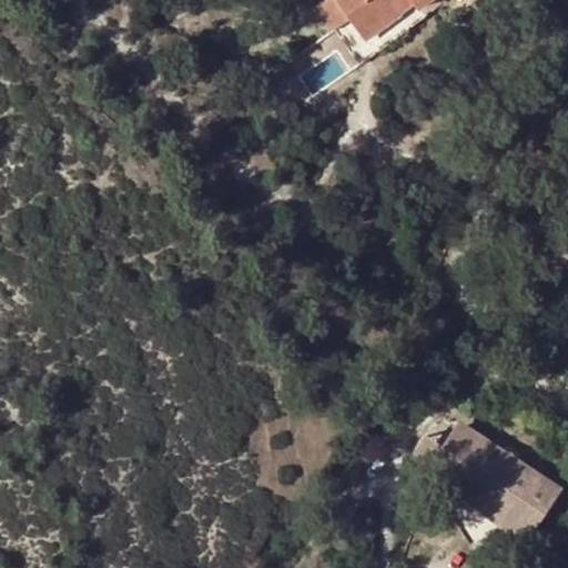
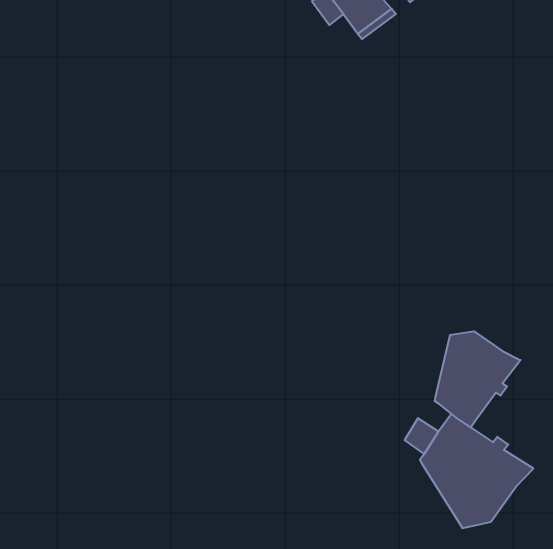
building: none -> [435,331,521,427]
building: [504,477,562,538] -> none

